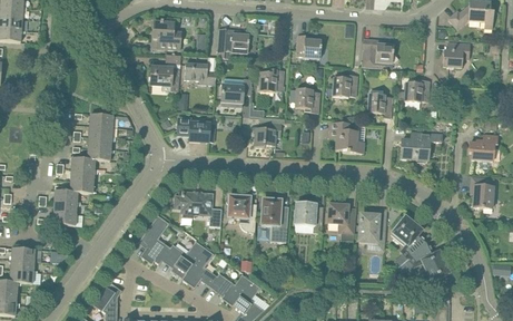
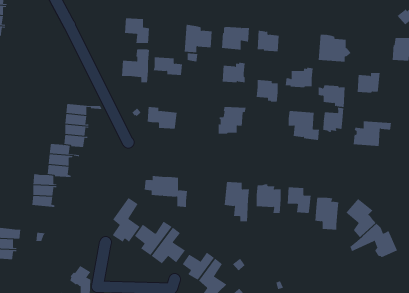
building: [220,77,251,103] -> [221,27,250,50]
building: none -> [323,107,344,133]
building: [227,194,257,231] -> none

